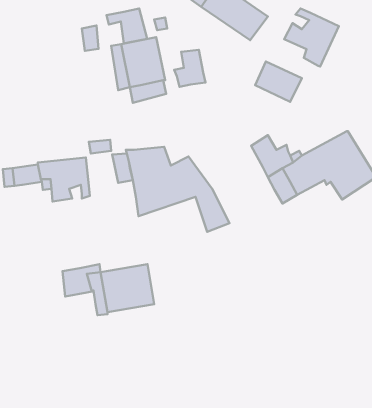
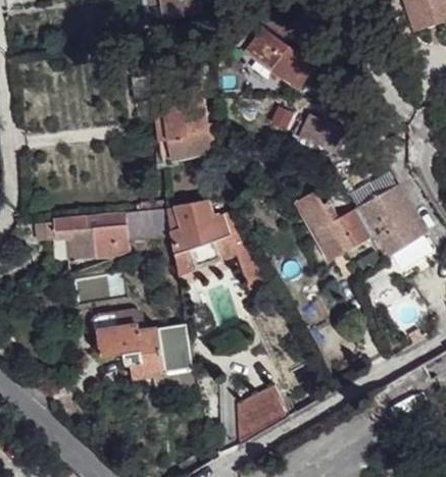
building: [107,8,147,43] -> none
building: [284,9,339,67] -> none
building: [174,50,206,87] -> none
building: none -> [122,209,156,242]
building: none -> [89,310,144,332]
building: none -> [237,384,289,443]

